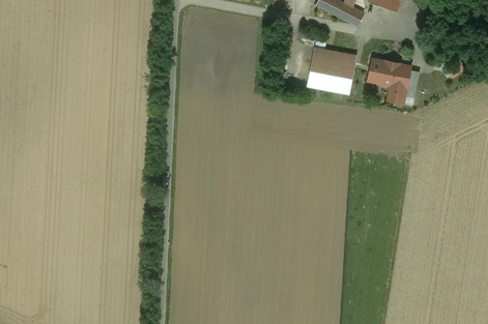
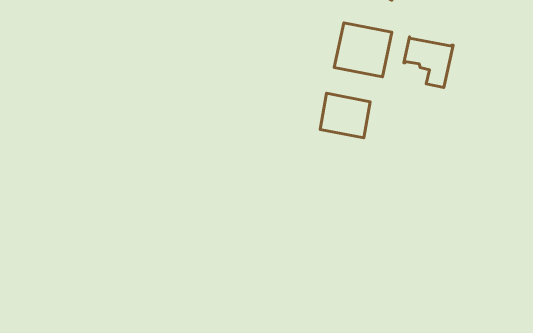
building: none -> [320,93,370,138]

